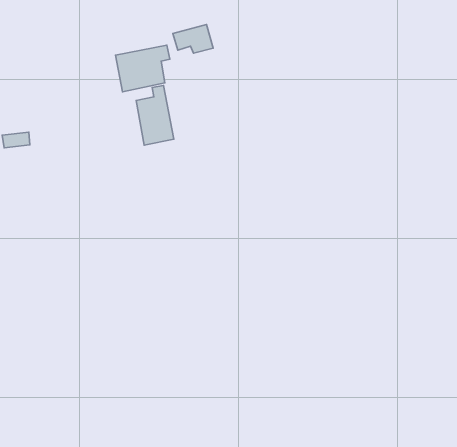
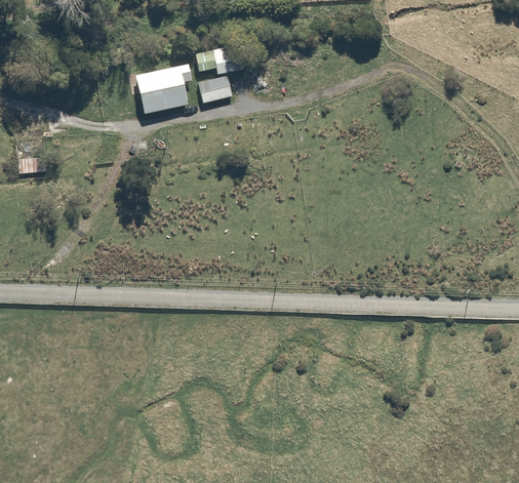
building: none -> [199,75,232,100]
building: [136,86,174,145] -> none

